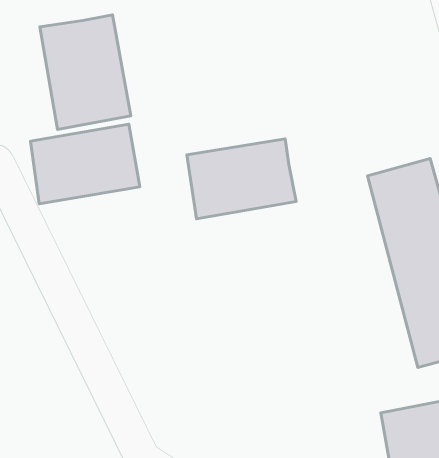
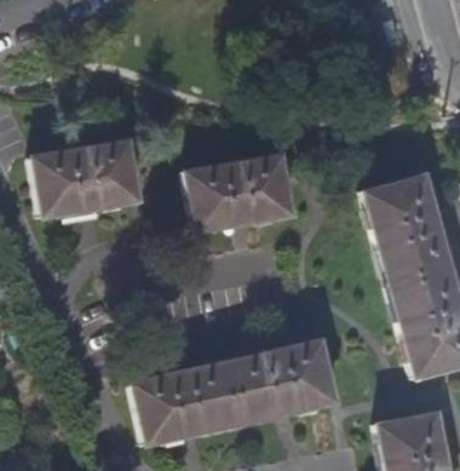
building: [40,15,131,129] -> none
building: none -> [131,339,337,447]

